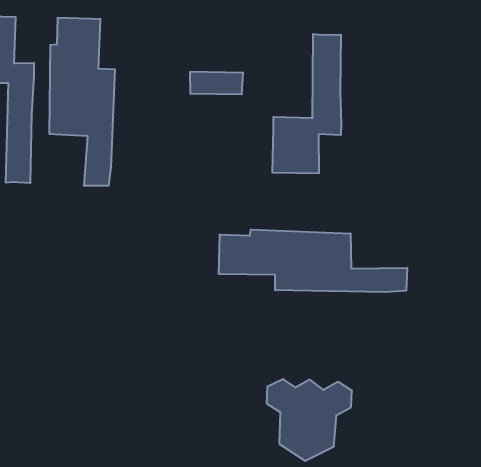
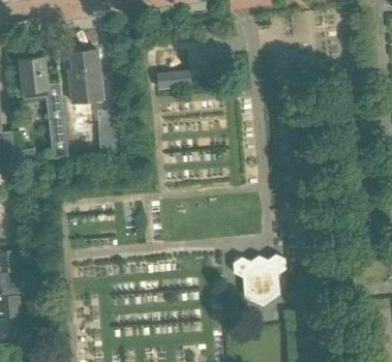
building: [273,34,341,173] -> none
building: [219,229,407,292] -> none

